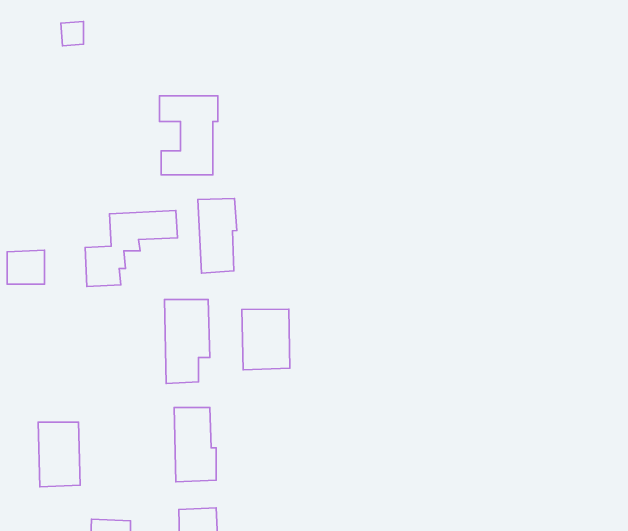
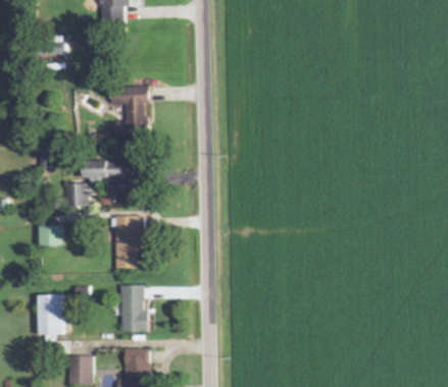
building: [198,198,237,273] -> none
building: [7,250,44,284] -> [38,225,61,246]
building: [242,309,290,370] -> none

